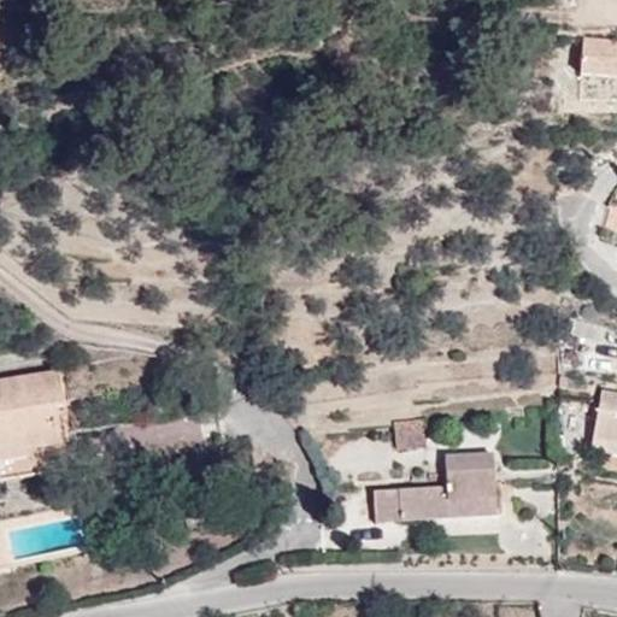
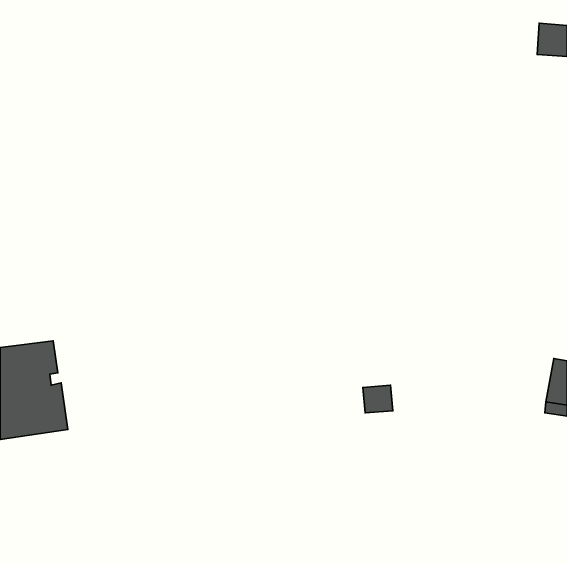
building: [374,452,496,519] -> none

